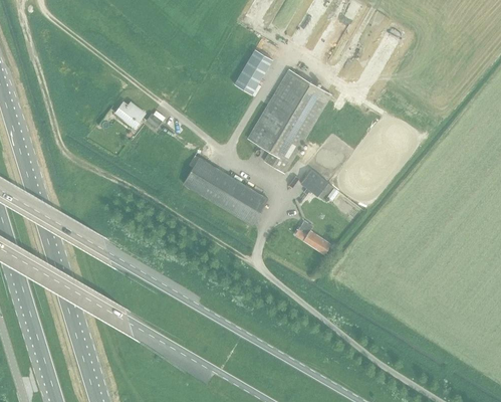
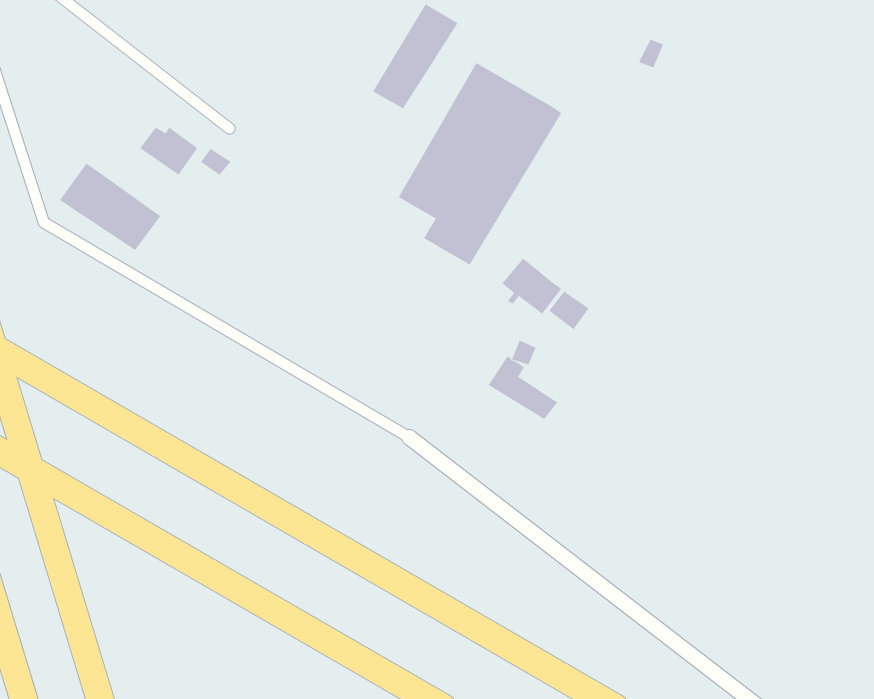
building: none -> [59,163,161,251]
building: [183,157,267,234] -> none

